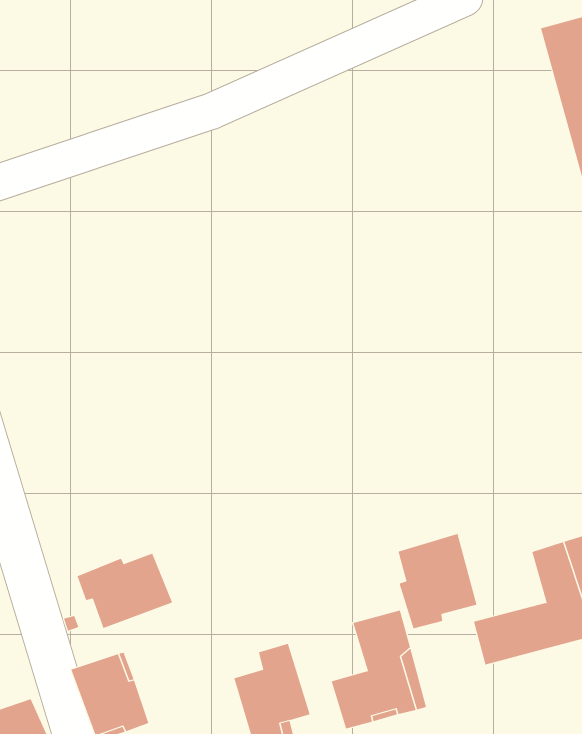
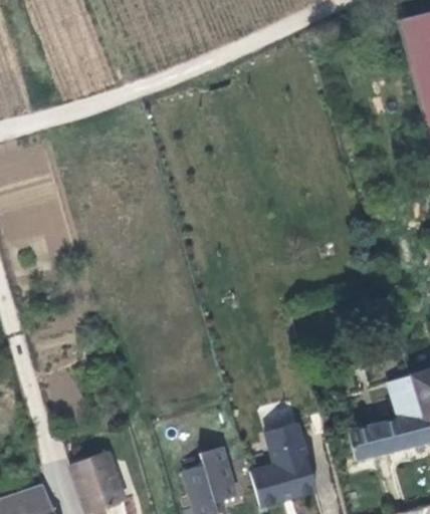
building: [398,533,477,629] -> none
building: [77,553,173,629] -> none

